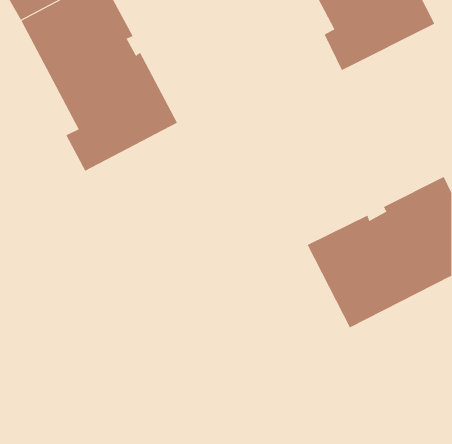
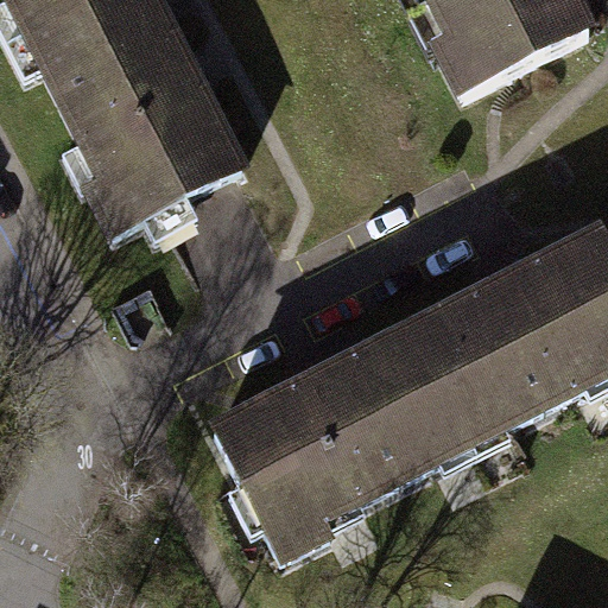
building: none -> [216,329,469,557]

